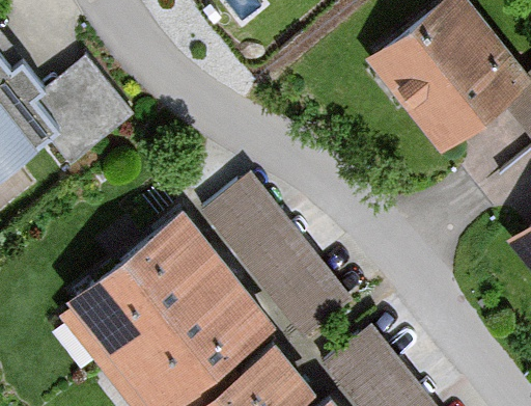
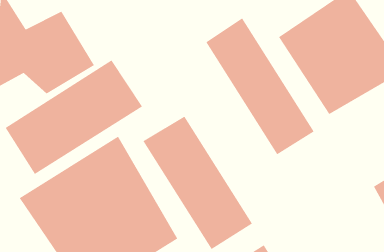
building: none -> [205,17,314,155]
building: none -> [5,60,143,175]

